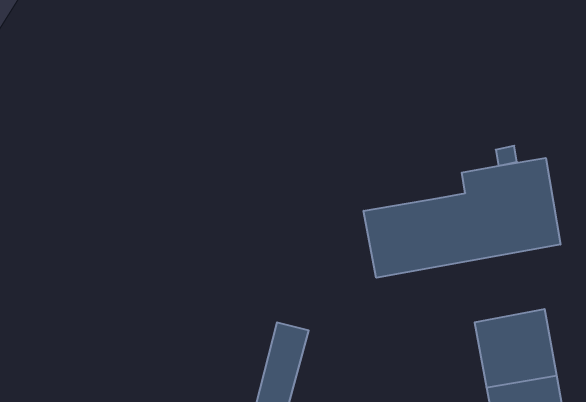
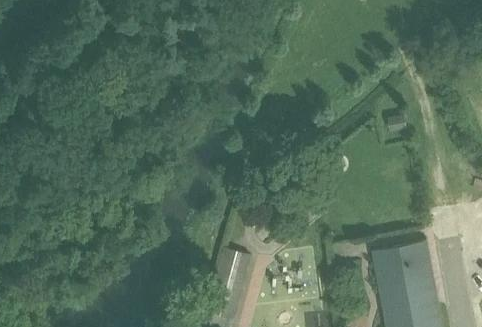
building: [364,158,560,278] -> none

